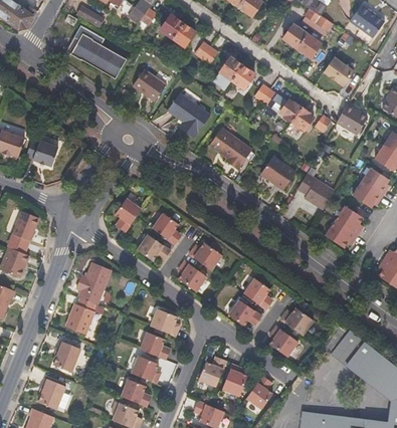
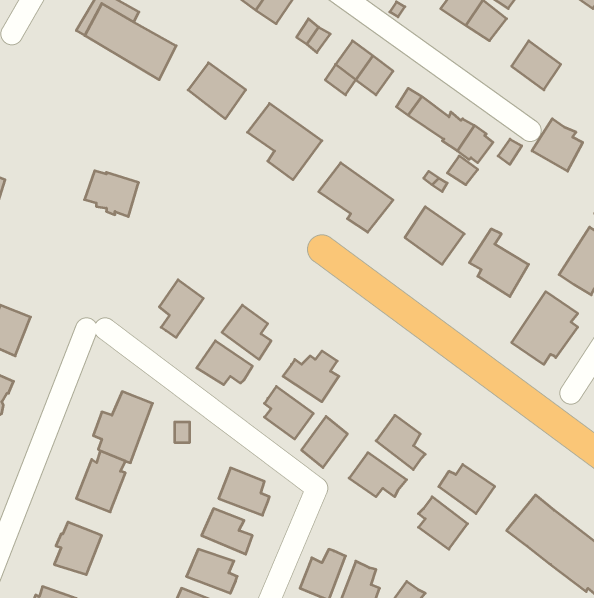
building: [26,140,58,167] -> [84,171,139,217]
building: none -> [302,416,347,468]

